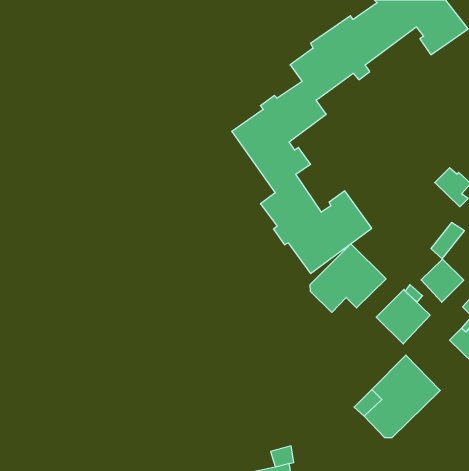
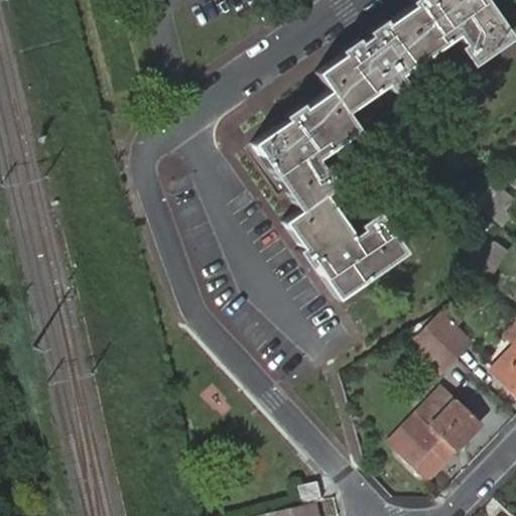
building: [310,244,386,312] -> none
building: [421,259,464,302] -> none

